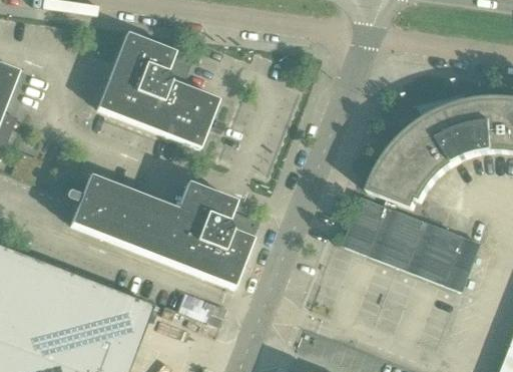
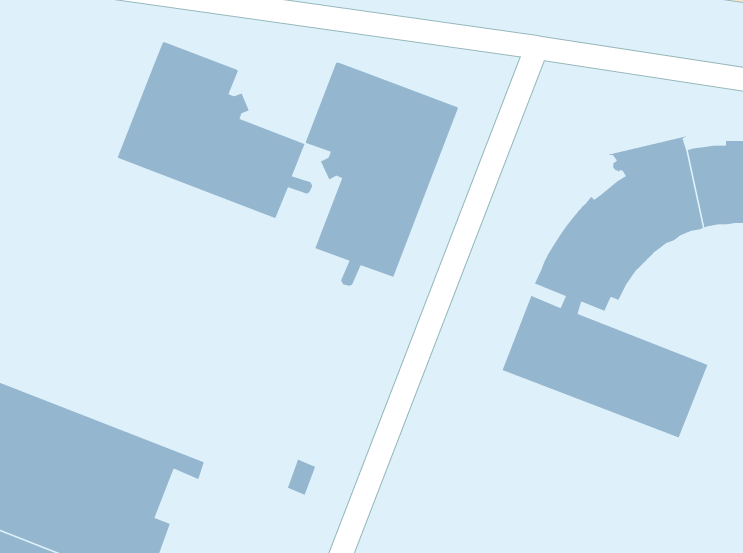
building: none -> [305,62,459,287]
building: [65,174,252,288] -> none

